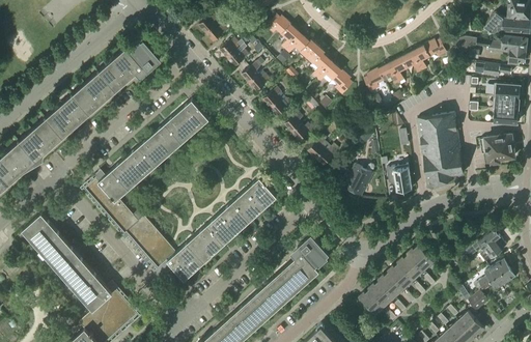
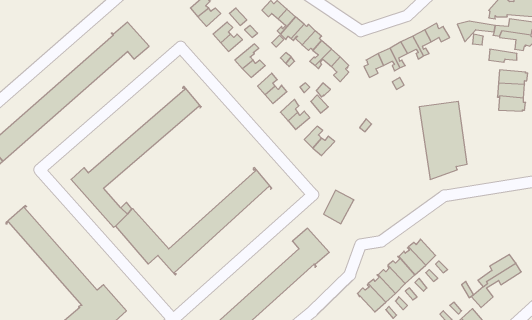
building: [480,136,514,164] -> none
building: [344,165,373,197] -> [324,190,354,224]
building: [386,167,411,191] -> none
building: [473,229,507,262] -> none

